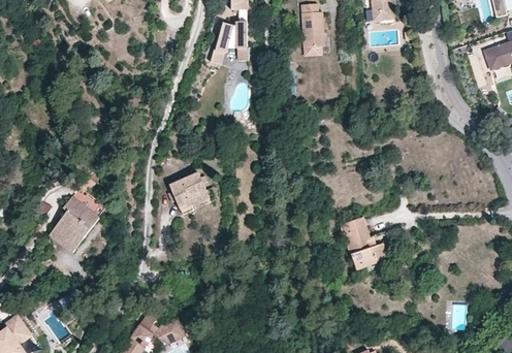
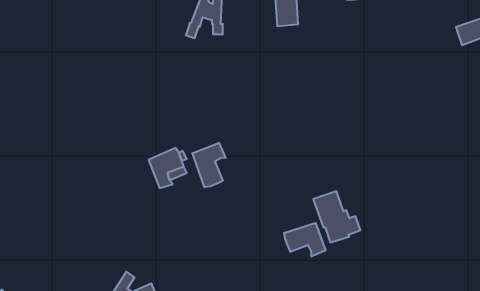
building: none -> [192,143,226,187]
building: [49,176,105,252] -> none
building: none -> [284,223,325,257]

